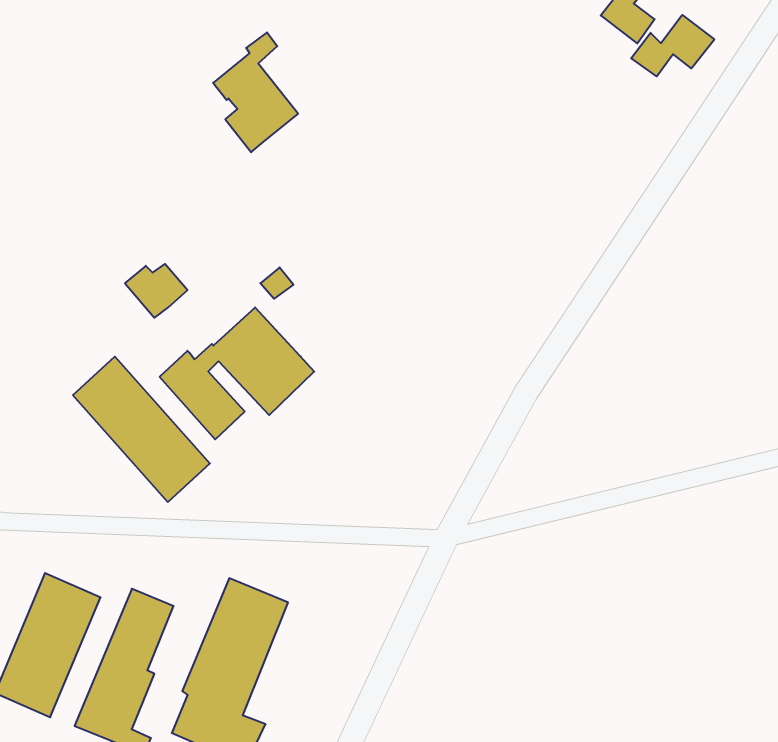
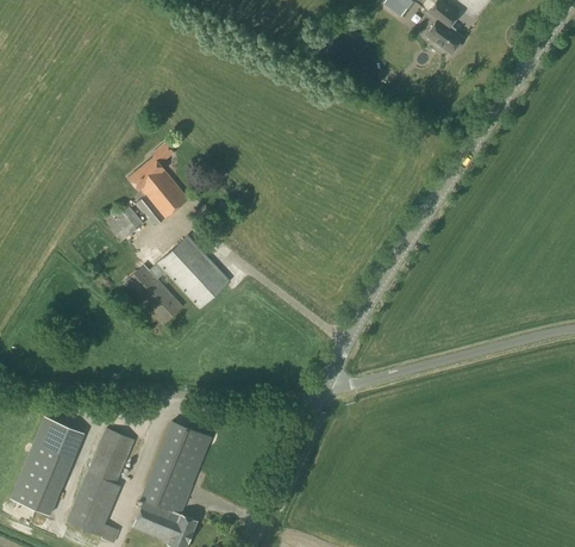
building: [631,15,714,76] -> none
building: [213,32,298,152] -> [129,143,187,225]
building: [73,357,210,502] -> none

